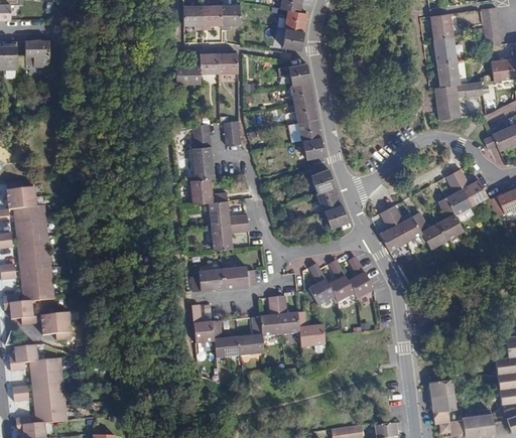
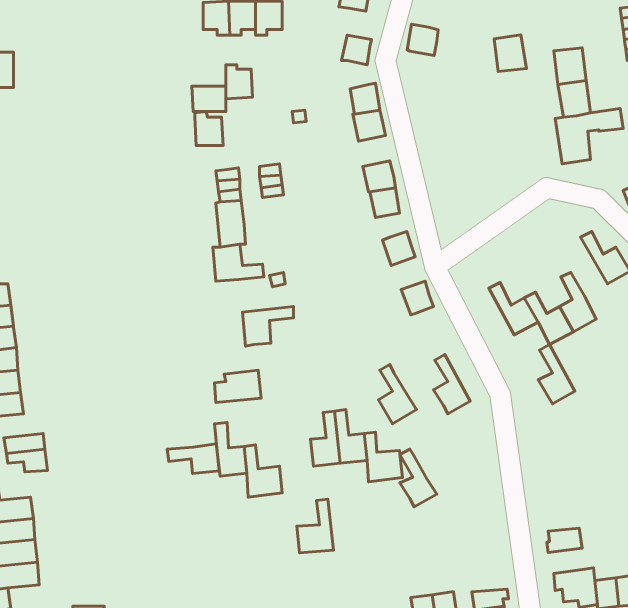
building: [284,9,306,31] -> [407,24,438,55]
building: [430,13,454,39] -> [494,35,527,71]
building: [218,48,238,72] -> [195,111,223,145]
building: [294,100,316,122] -> none
building: [445,172,472,214] -> none
building: [316,186,342,210] -> none
building: [209,200,248,226] -> none
building: [379,208,405,251] -> [538,345,575,404]
building: [329,260,355,301] -> [400,449,437,507]
building: [223,265,256,287] -> none
building: [238,316,264,354] -> [297,499,334,553]
building: none -> [167,444,219,473]
building: [429,394,456,412] -> none

